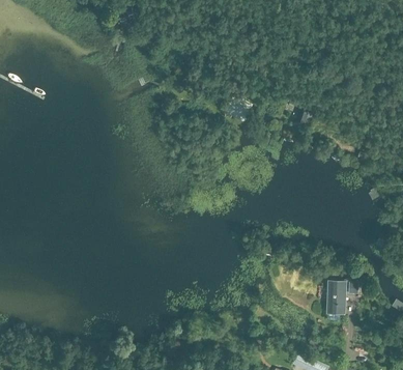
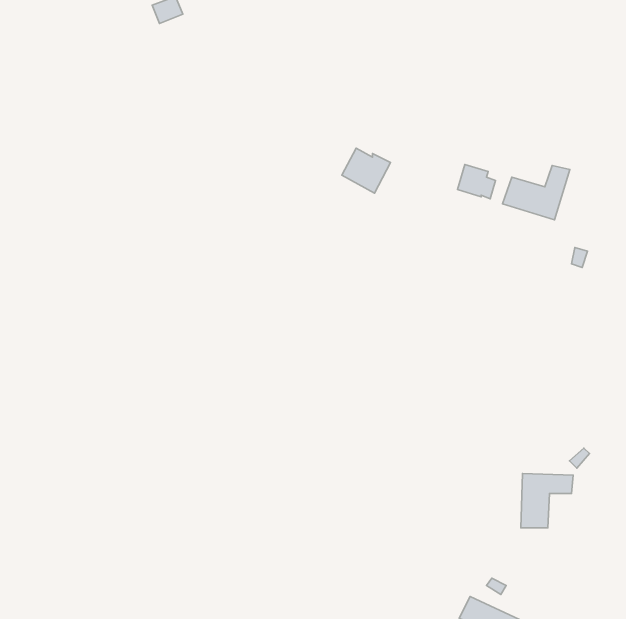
building: none -> [503,165,570,220]

